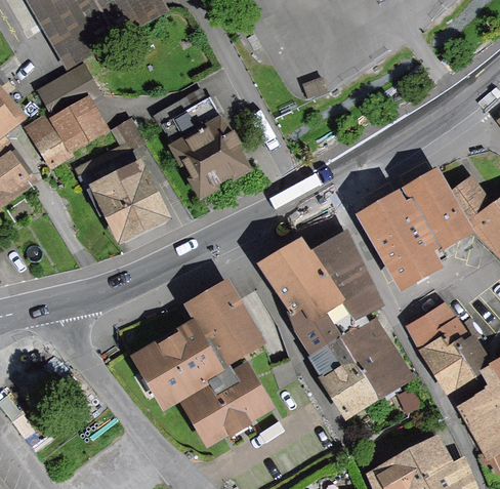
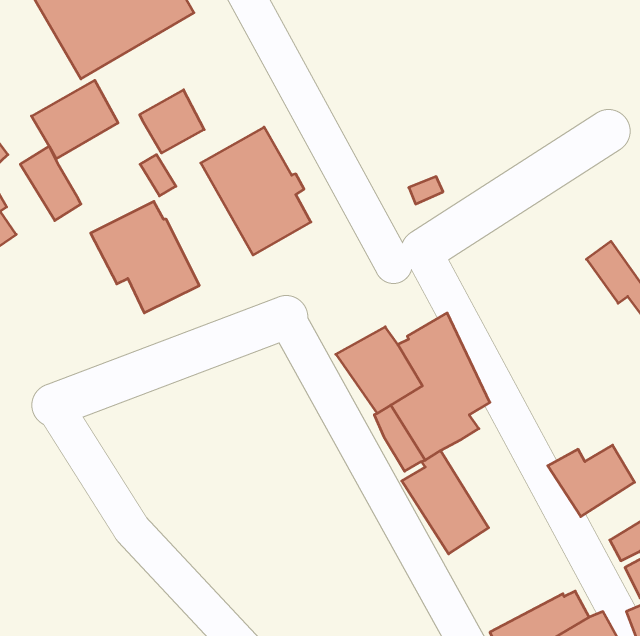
building: [53,104,101,151] -> [140,90,204,153]
building: [361,174,466,285] -> none
building: [139,287,264,439] -> none
building: [408,303,467,350] -> none
building: [339,321,405,396] -> none

